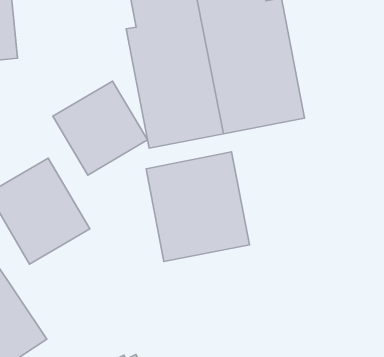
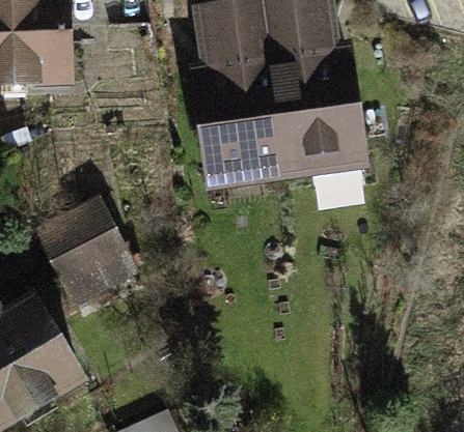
building: [53,81,148,175] -> none
building: [146,152,249,262] -> none

